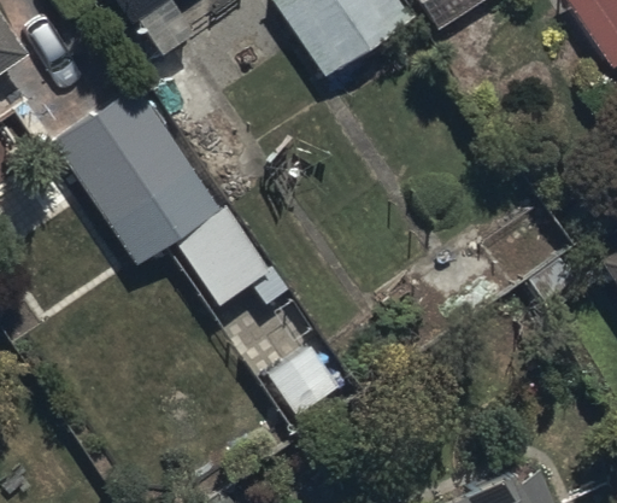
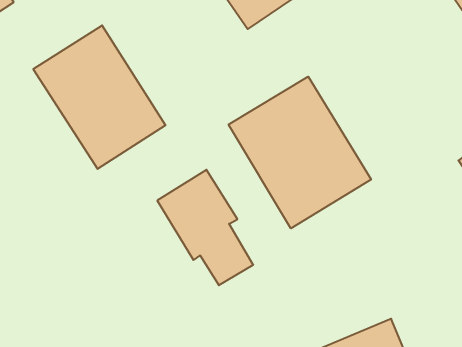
building: none -> [229,77,371,228]

